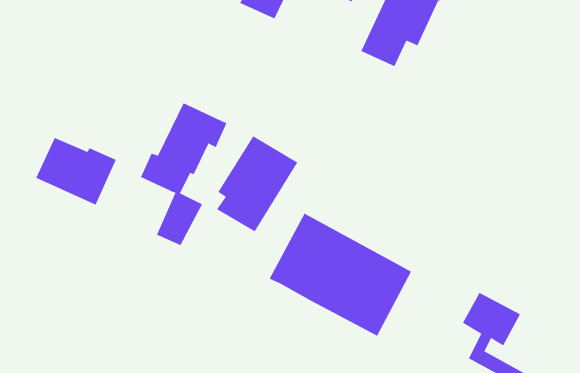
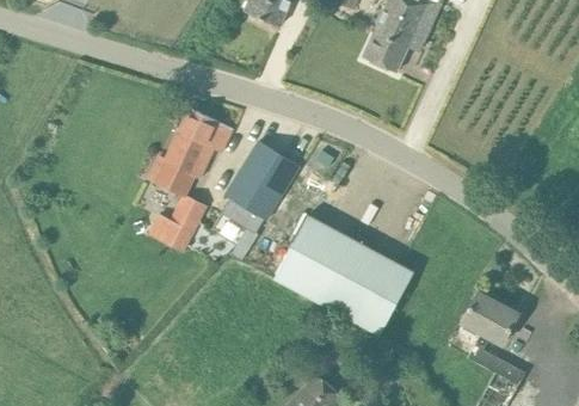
building: [35,137,117,206] -> none

